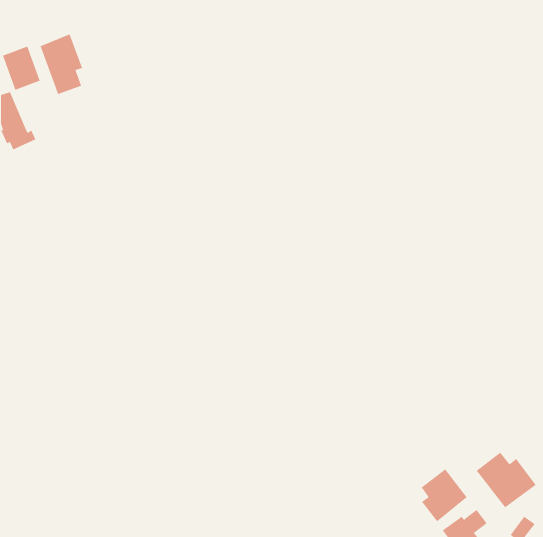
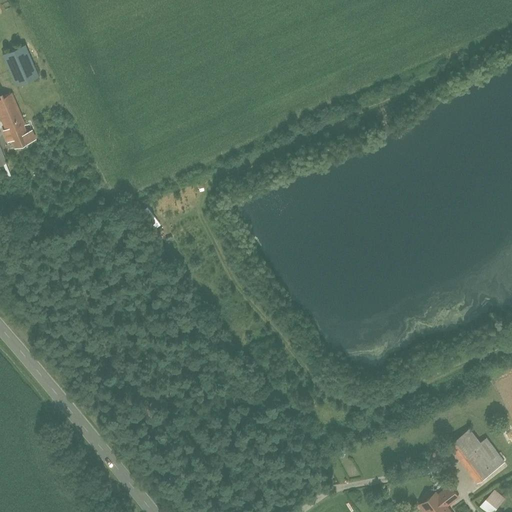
building: [40,34,83,95] -> none
building: [421,469,468,522] -> none

